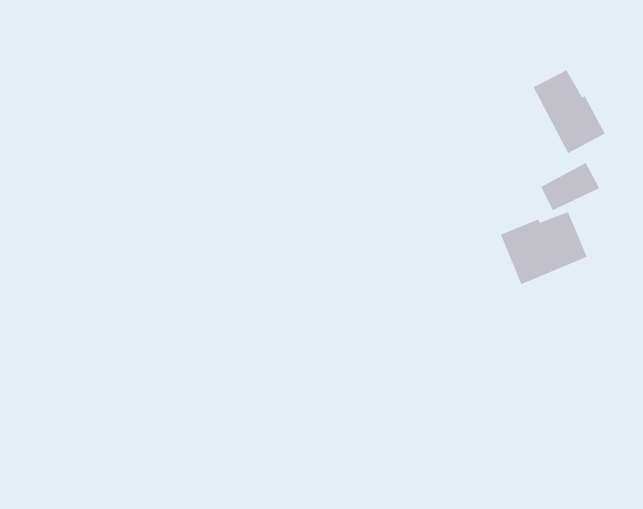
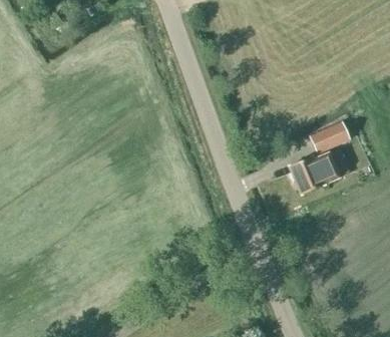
building: [532,69,606,154] -> none

